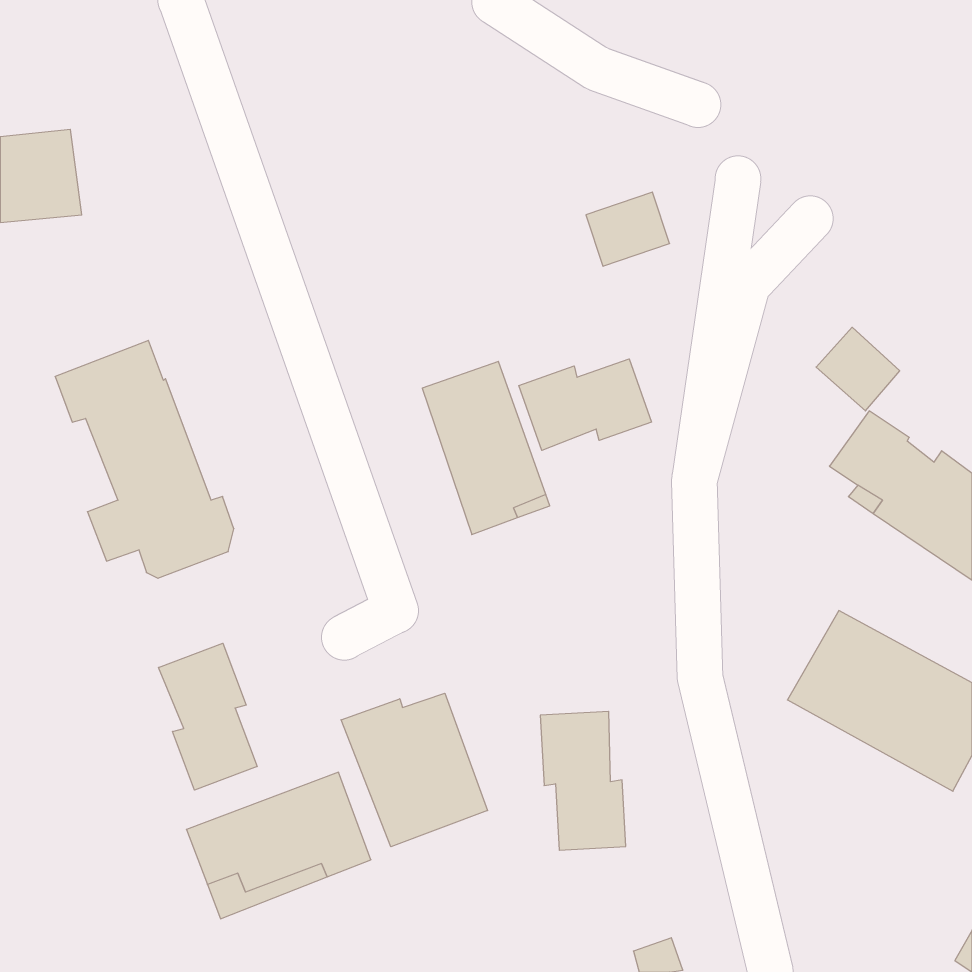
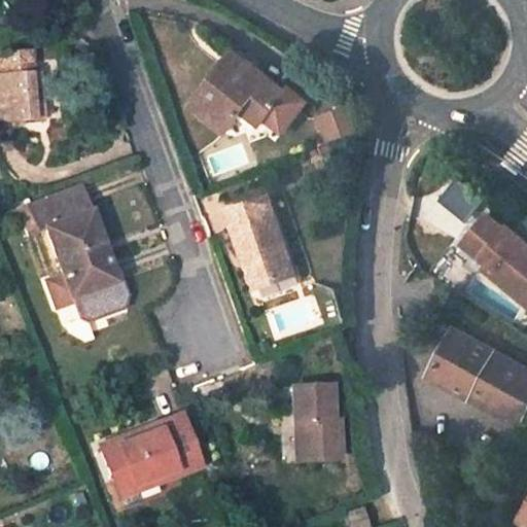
building: none -> [192,49,308,131]
building: [519,359,651,450] -> none
building: [159,643,257,790] -> none
building: [341,693,488,847] -> none

